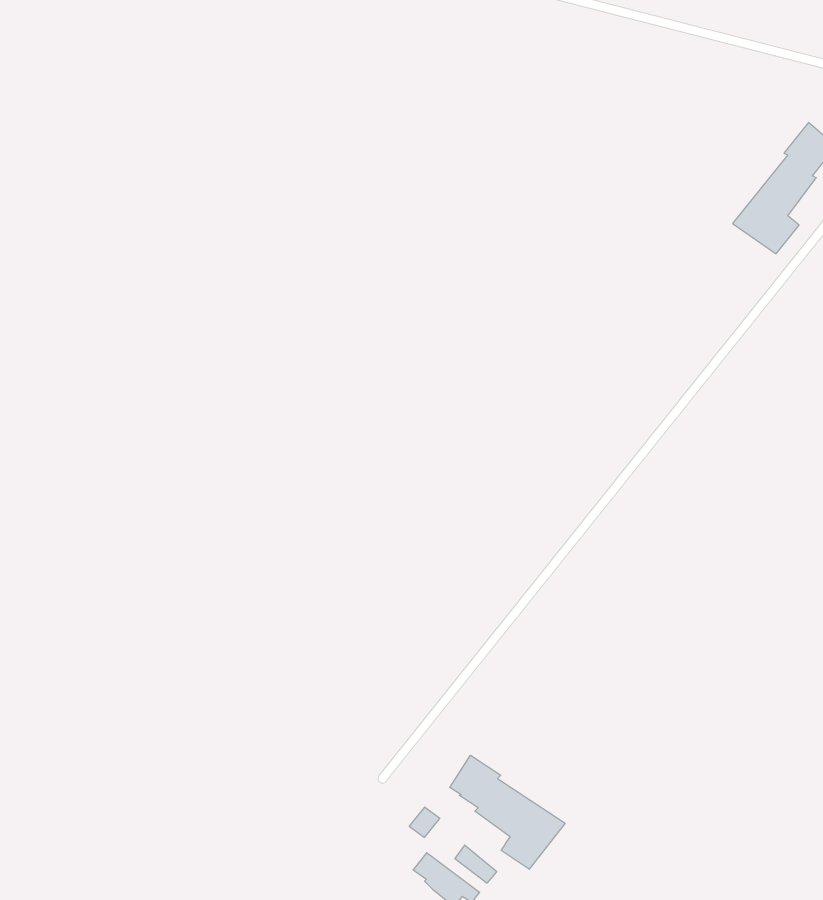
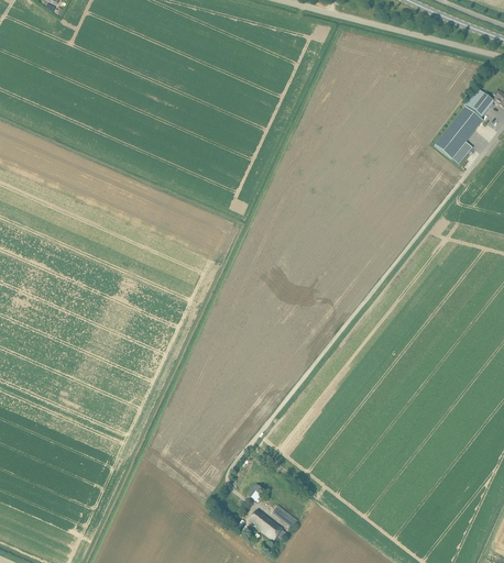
building: [450,755,565,869] -> none

